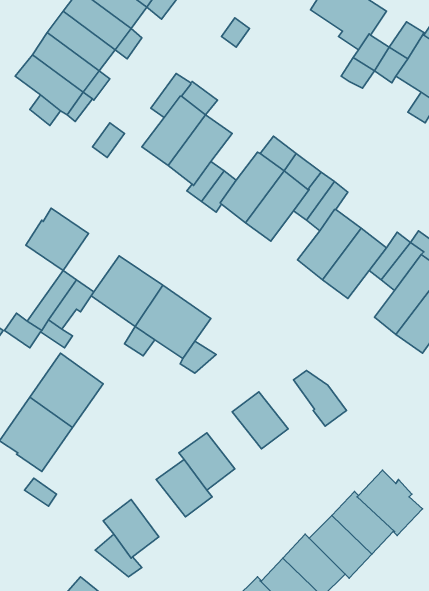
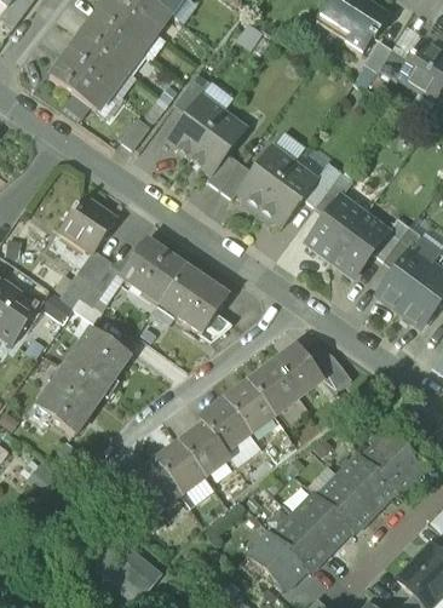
building: none -> [271,344,322,396]
building: none -> [224,380,274,432]
building: none -> [155,442,205,494]

